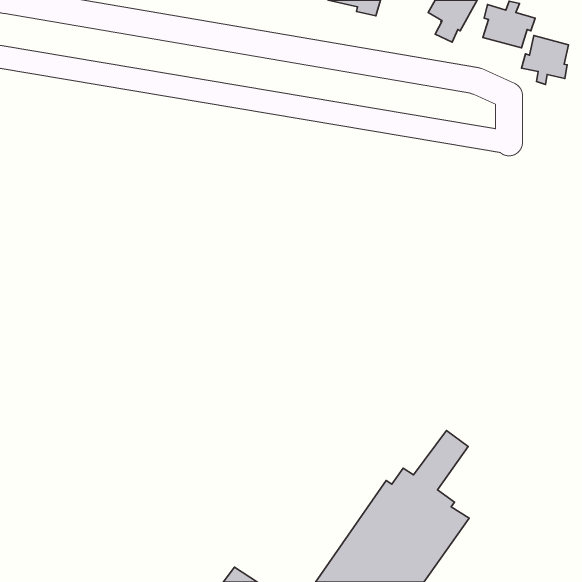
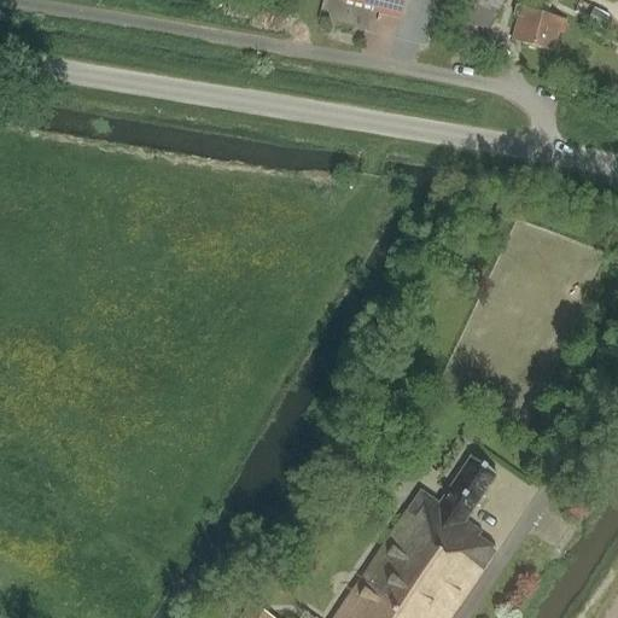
building: [522,36,568,84] -> none

